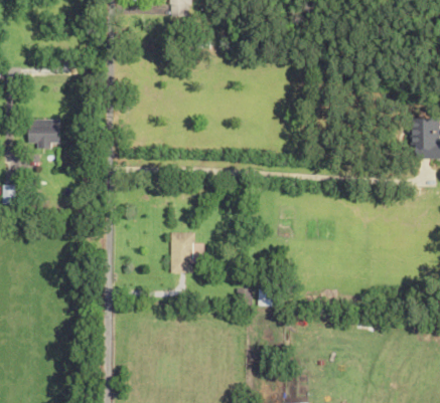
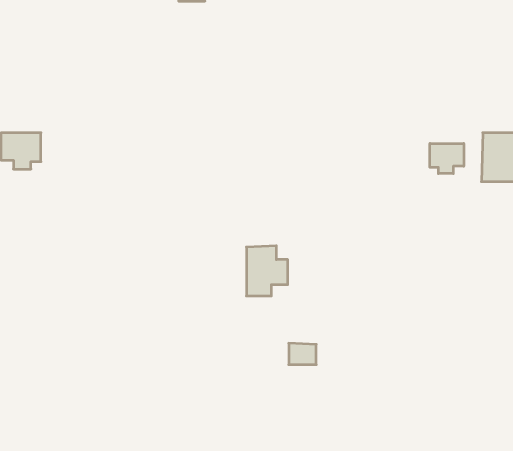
building: none -> [430,143,464,174]
building: [170,231,203,271] -> [246,246,288,296]

